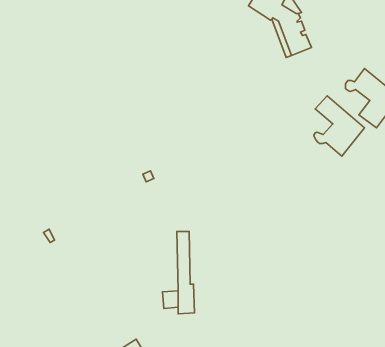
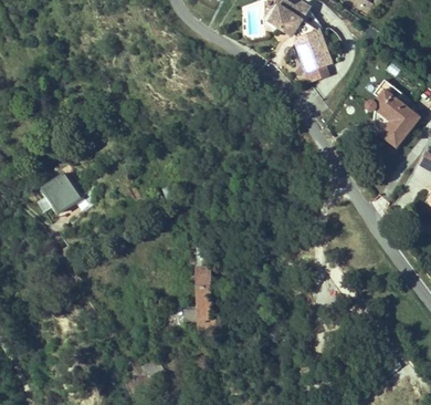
building: [314,96,365,156] -> none
building: none -> [36,173,81,212]

